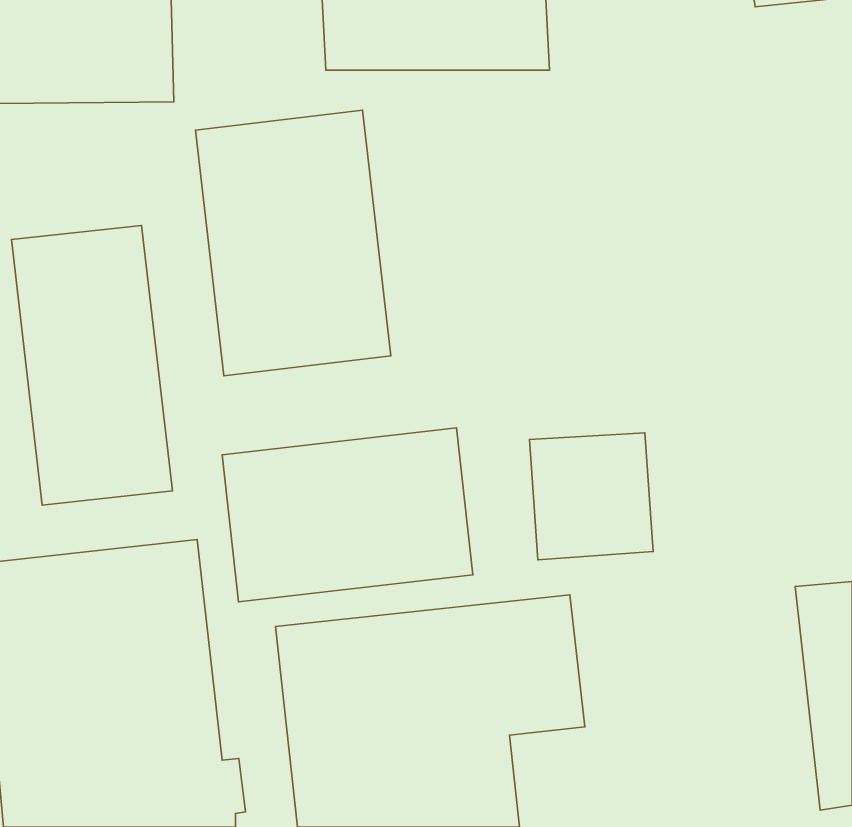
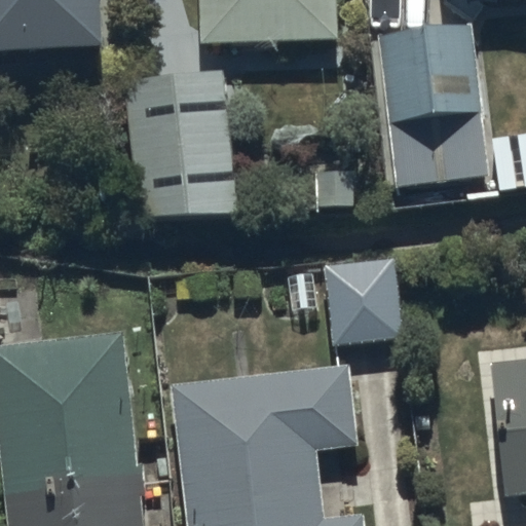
building: none -> [378,25,491,193]
building: [11,225,172,505] -> none
building: [222,428,473,602] -> none

